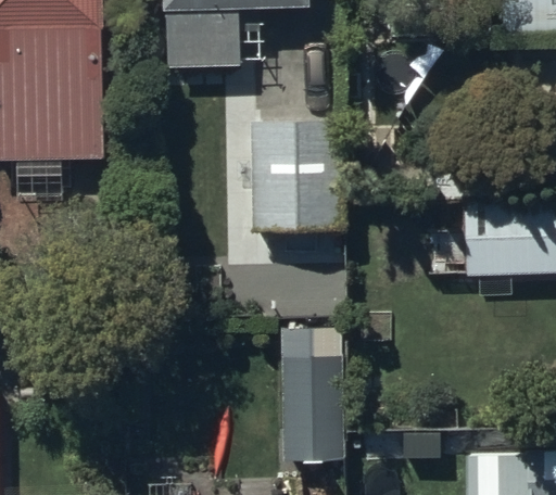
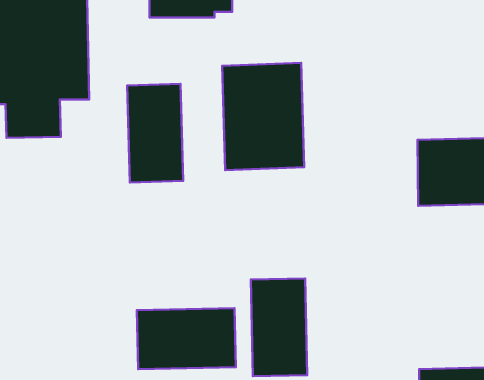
building: none -> [127,84,183,183]
building: none -> [137,308,236,369]

